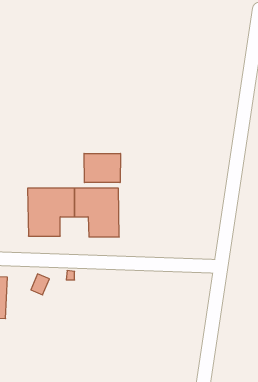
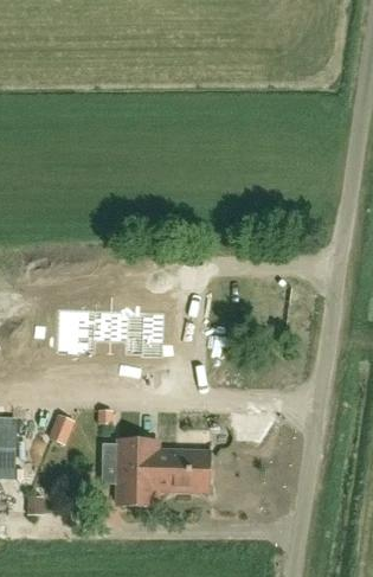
building: [84,153,120,183] -> none
building: none -> [101,440,208,505]

